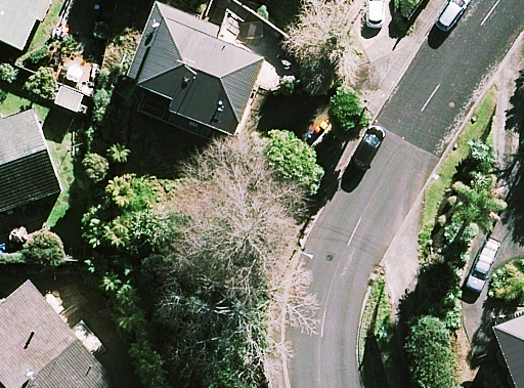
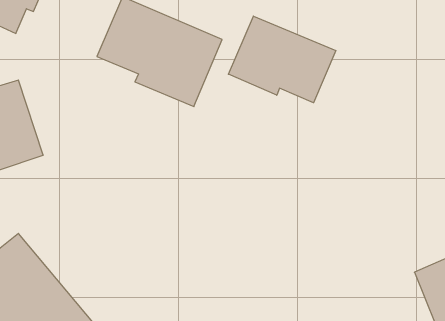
building: none -> [228,16,336,103]

